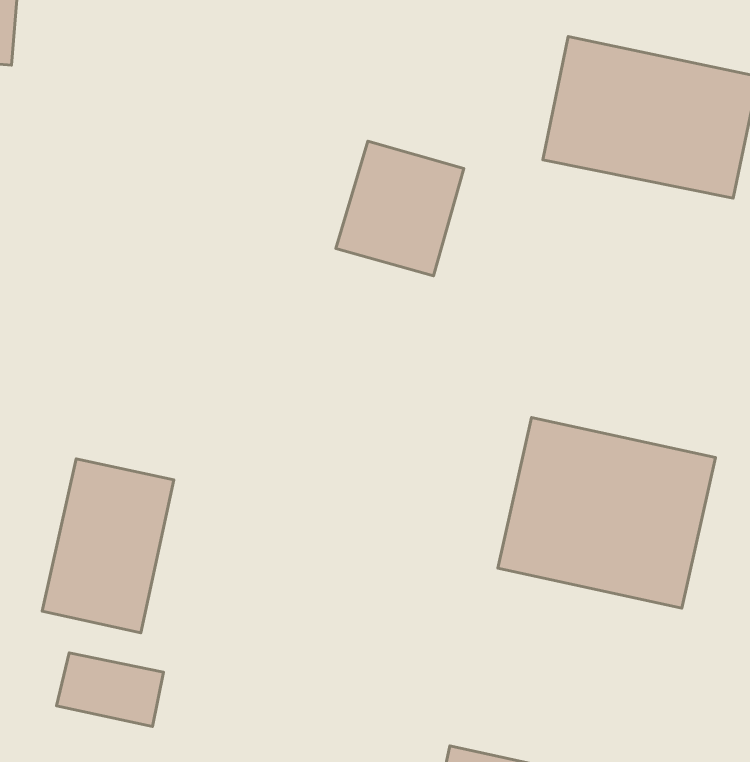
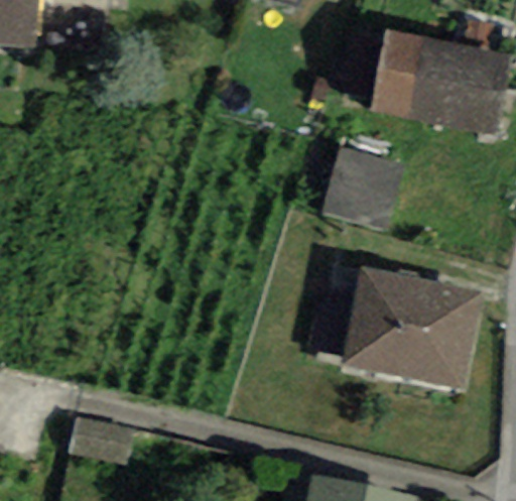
building: [336,141,464,276] -> [320,145,401,230]
building: [42,459,174,633] -> none

